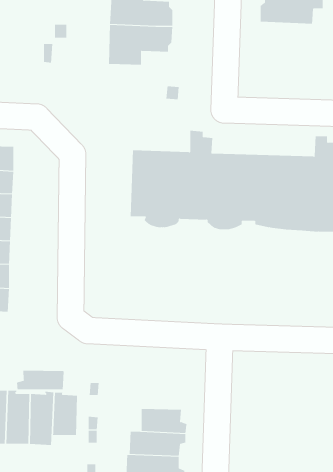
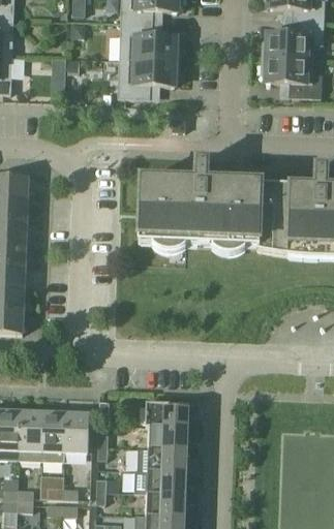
building: none -> [261,56,322,96]
building: [14,370,64,390] -> none
building: none -> [145,396,195,426]

